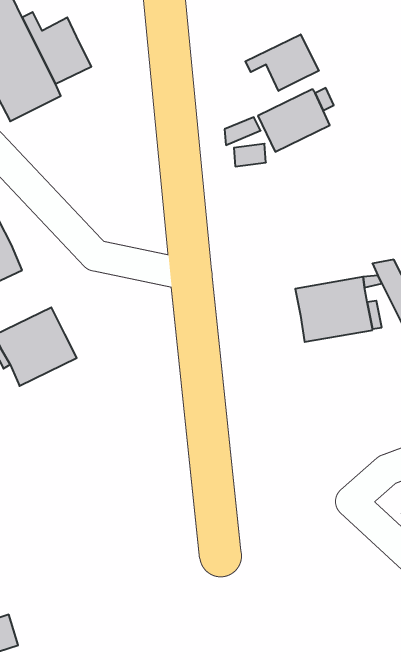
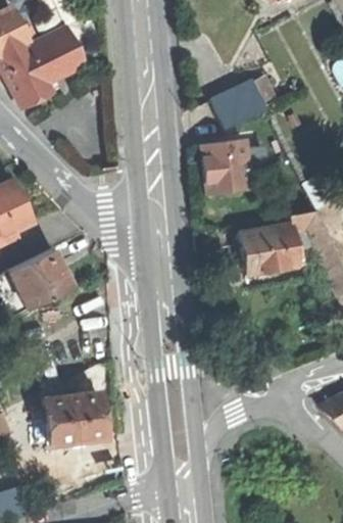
building: [245,34,319,91] -> none
building: none -> [200,141,249,194]
building: none -> [44,394,105,447]

